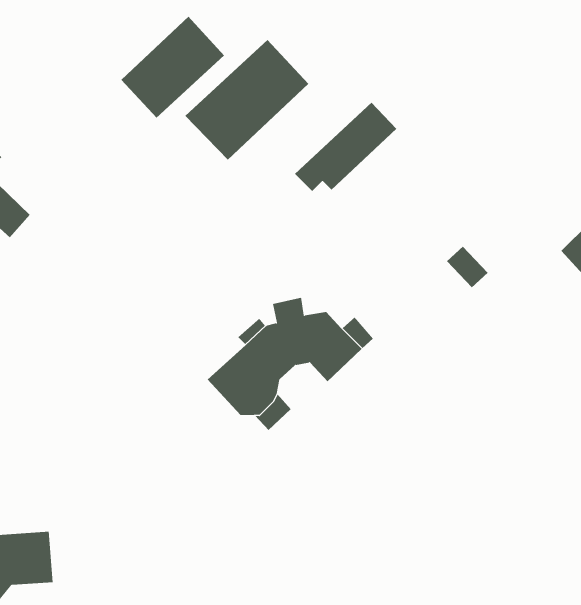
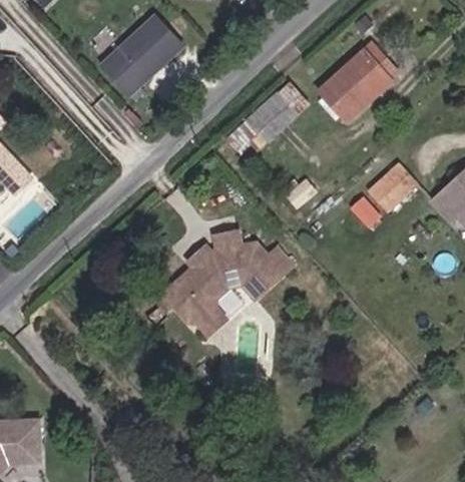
building: [185,39,309,160] -> none
building: none -> [318,41,403,124]
building: none -> [372,164,422,212]

